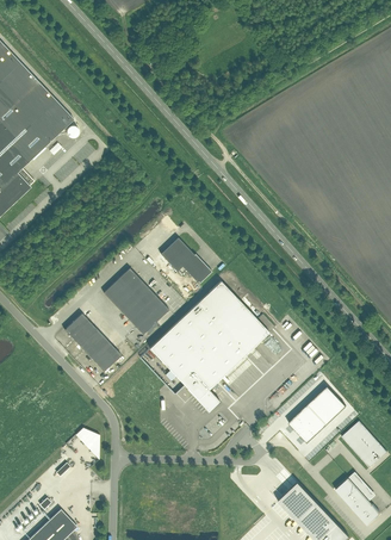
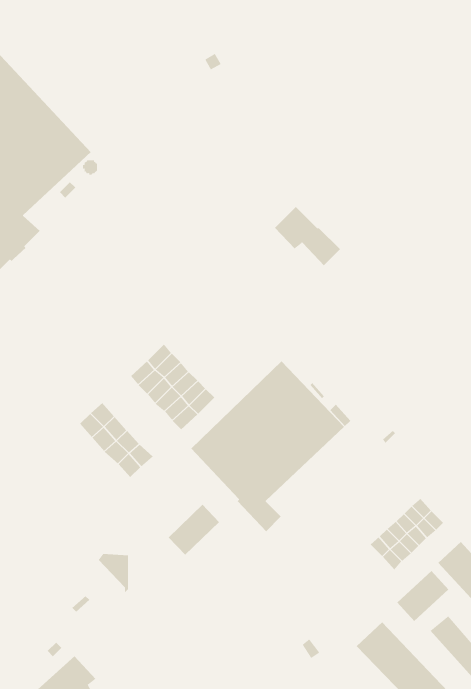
building: [161,237,212,284] -> [274,206,341,266]
building: none -> [168,504,220,556]
building: none -> [397,570,449,622]

